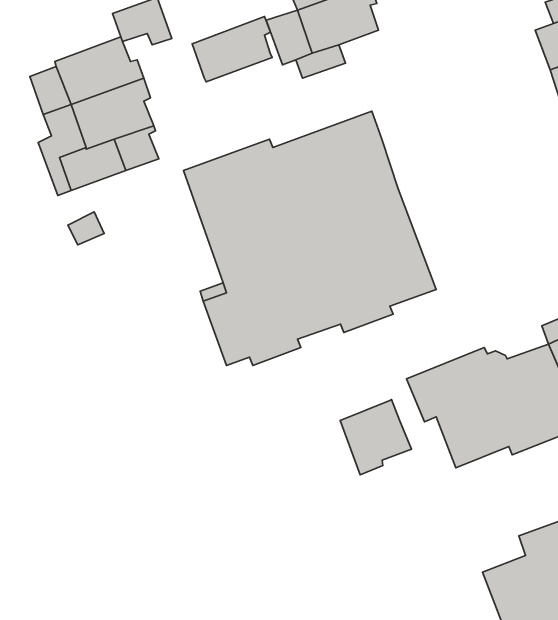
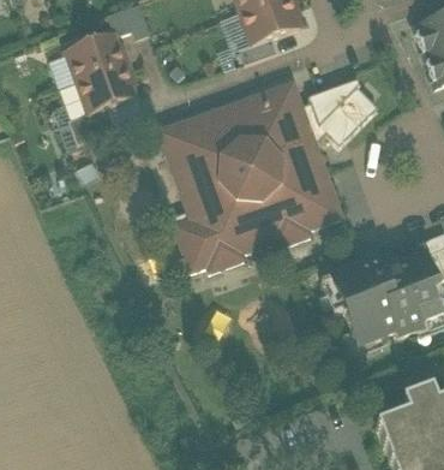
building: [192,16,272,82] -> none
building: none -> [304,76,379,144]
building: [340,399,411,475] -> none

